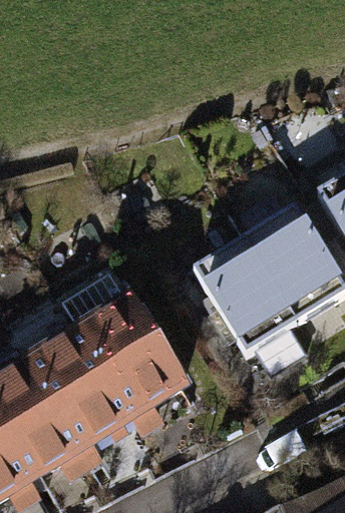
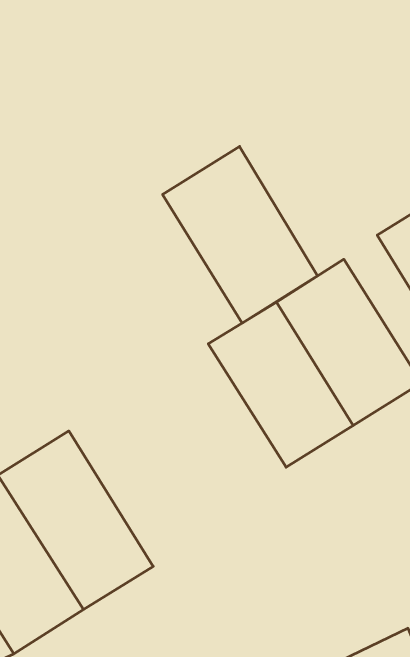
building: none -> [163,146,317,323]
building: [82,293,198,426] -> none

